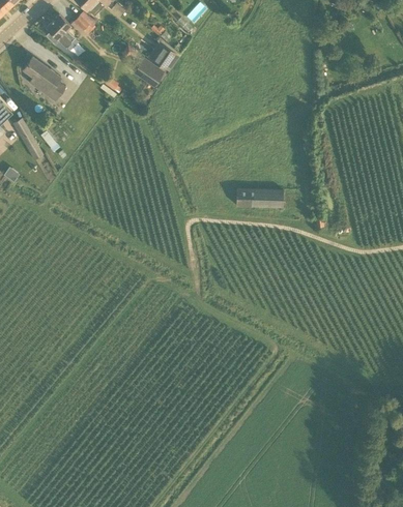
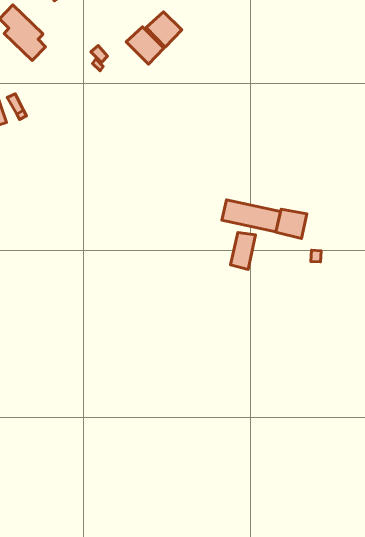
building: none -> [276,209,307,238]
building: none -> [231,232,255,270]

